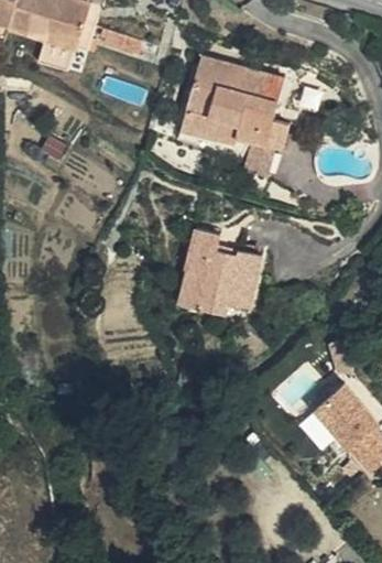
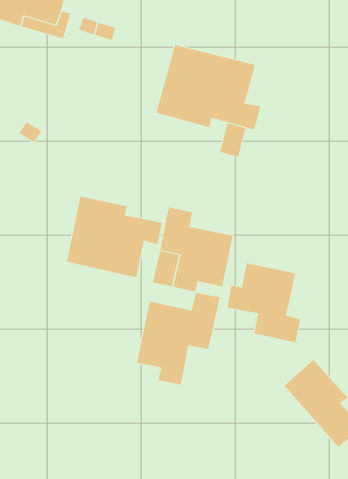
building: none -> [67,196,162,278]
building: none -> [227,263,301,343]
building: none -> [136,292,220,385]

